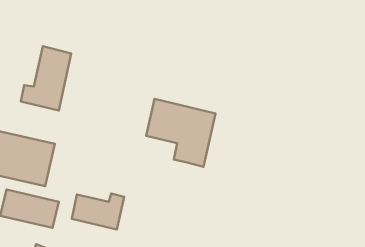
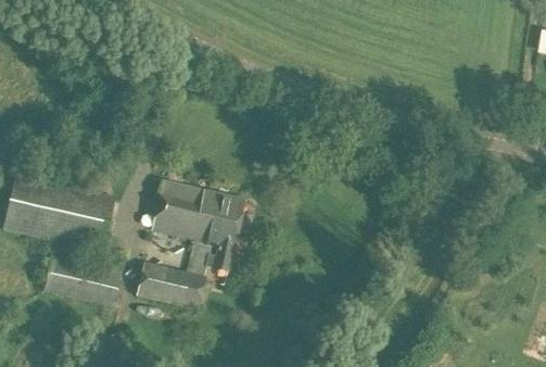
building: [21,46,71,110] -> none
building: [146,99,216,167] -> [154,180,246,270]

